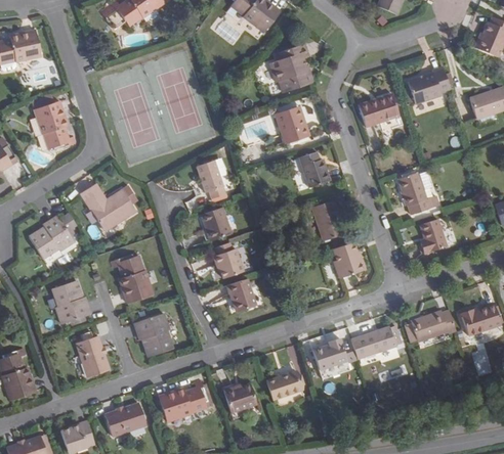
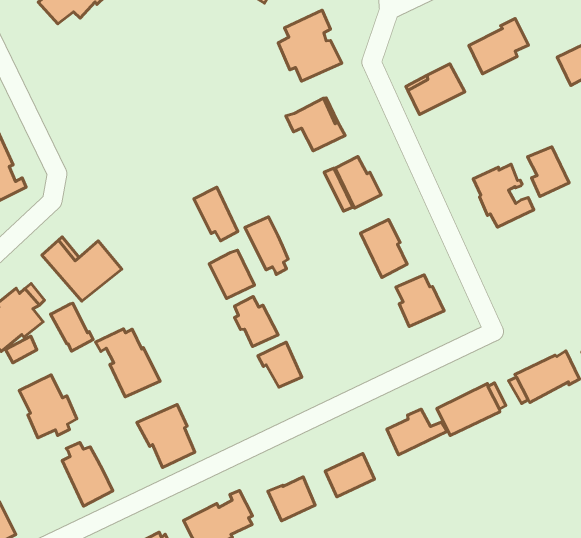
building: none -> [245,217,288,274]
building: [419,219,447,254] -> [528,147,569,197]
building: none -> [50,303,93,351]

